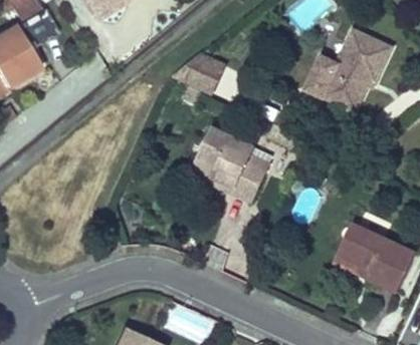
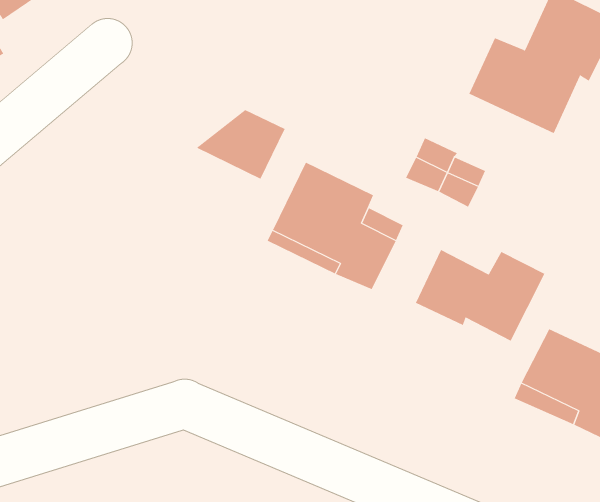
building: [173,53,224,93] -> [196,109,285,179]
building: none -> [415,249,545,342]

